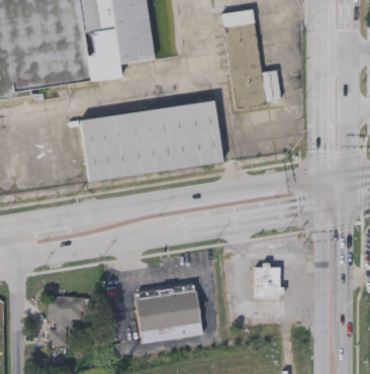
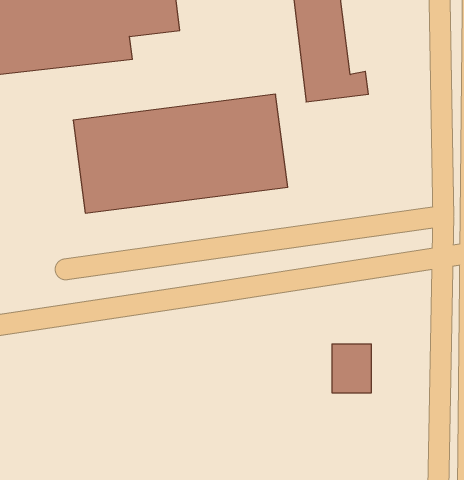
building: [133,285,200,343] -> none
building: [48,296,82,345] -> none

